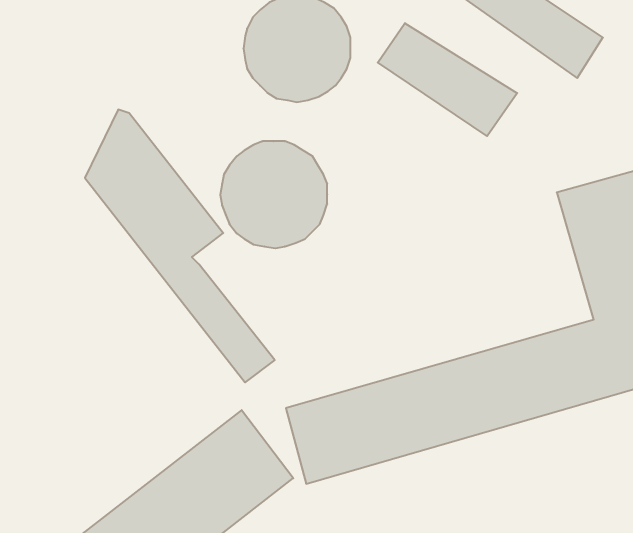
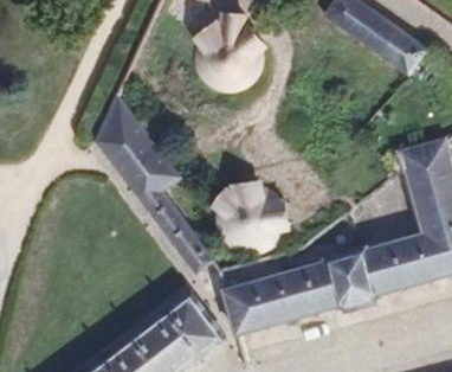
building: [378,23,517,136] -> none
building: [220,141,327,248] -> [214,185,283,254]

